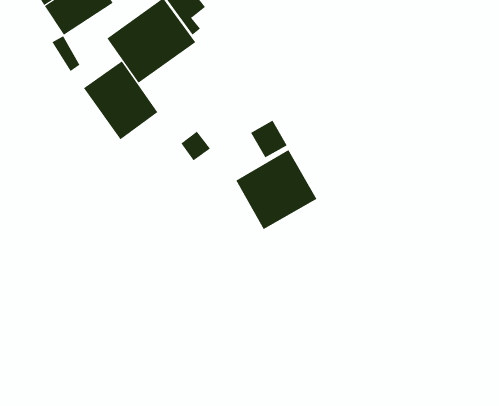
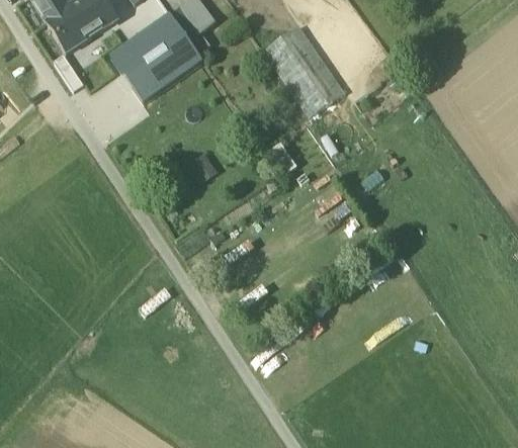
building: none -> [261,23,339,108]
building: [83,60,158,140] -> none
building: [236,149,317,230] -> none

